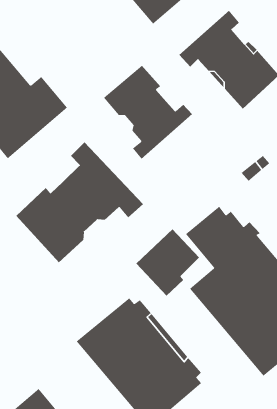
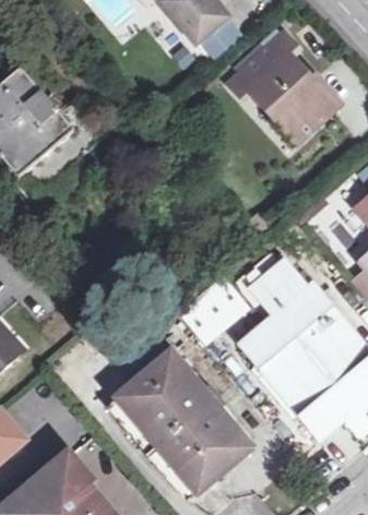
building: [103,65,193,159] -> none
building: [16,141,144,263] -> none

